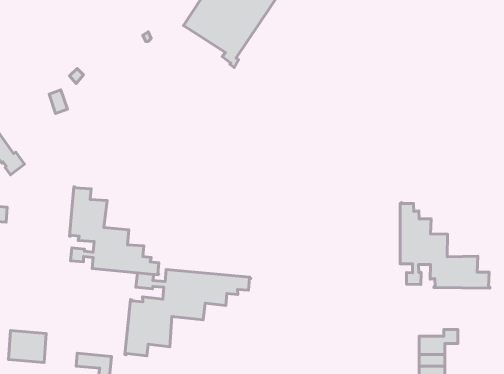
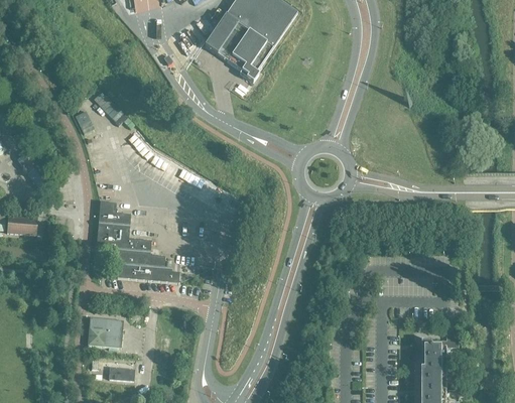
building: [400,203,490,288] -> none
building: [125,269,251,356] -> none
building: [9,330,46,363] -> [86,317,121,348]

